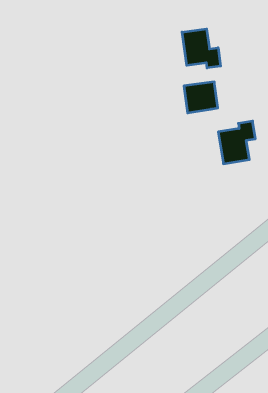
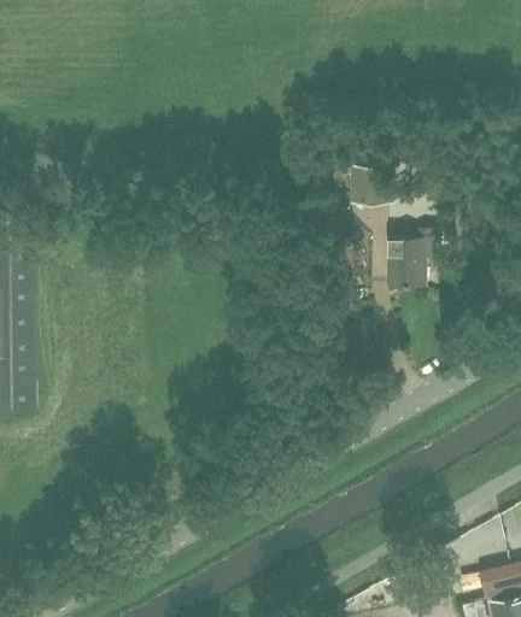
building: [182,29,221,68] -> none

